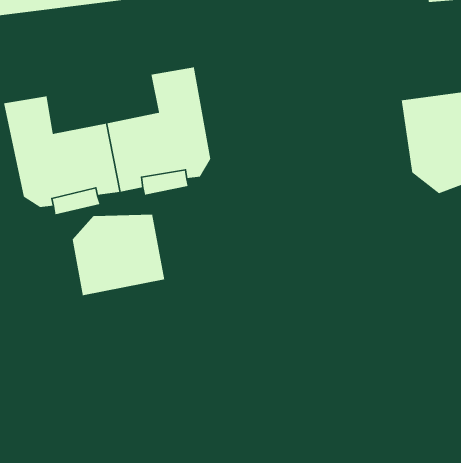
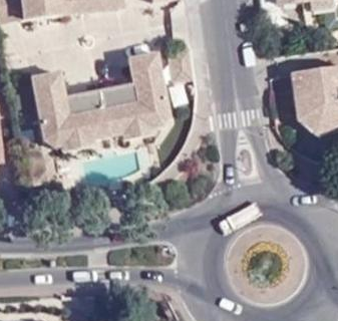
building: [72,214,165,296] -> none

